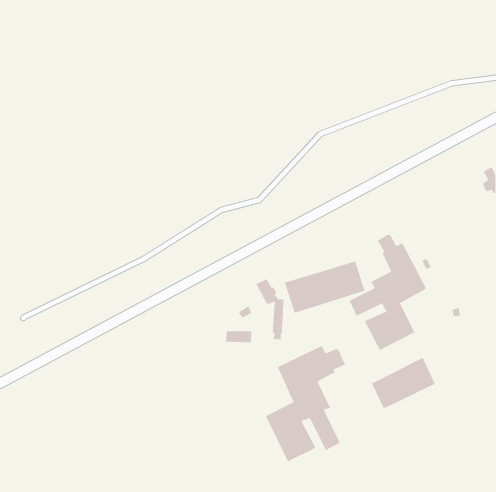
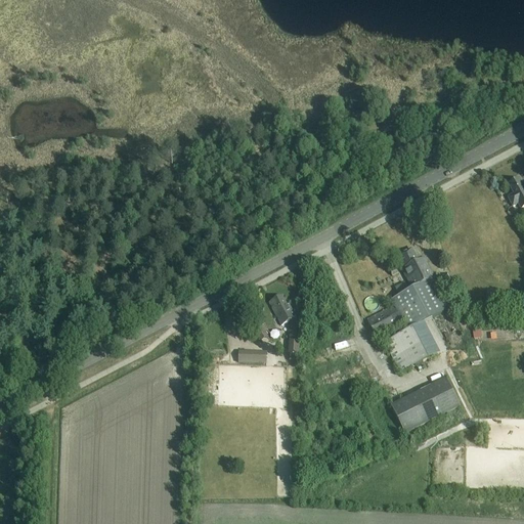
building: [284,261,365,314] -> none
building: [265,345,346,462] -> none

